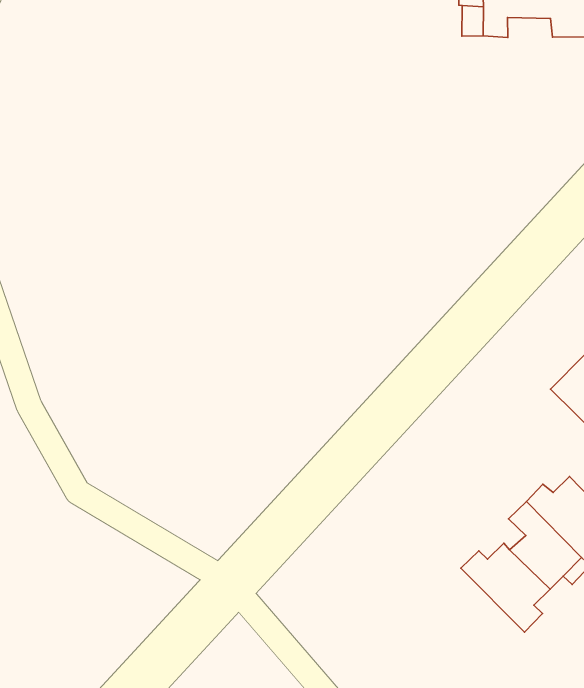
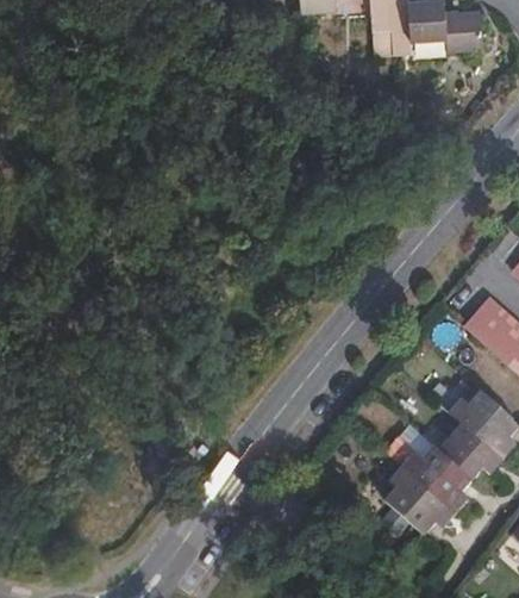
building: none -> [386,467,455,535]

